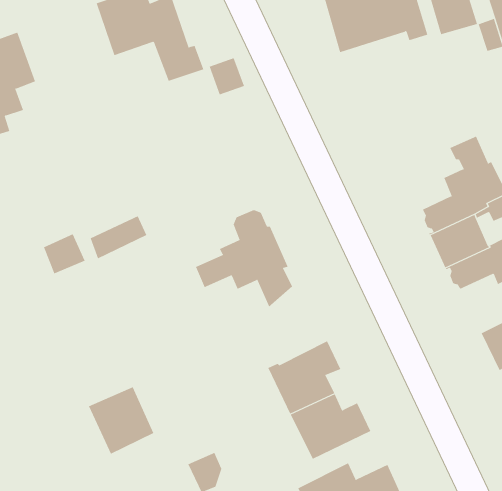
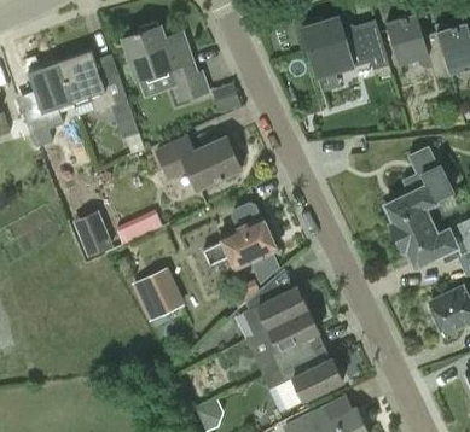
building: none -> [59,51,138,139]
building: none -> [157,138,242,189]
building: none -> [246,286,308,328]
building: [88,387,154,454] -> [132,267,185,321]

